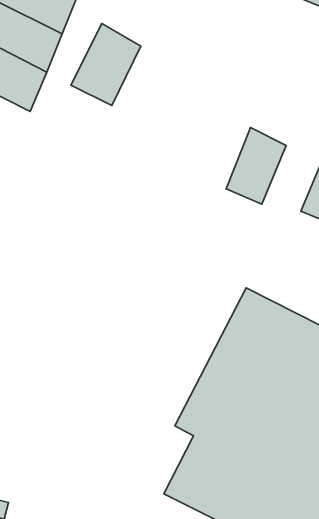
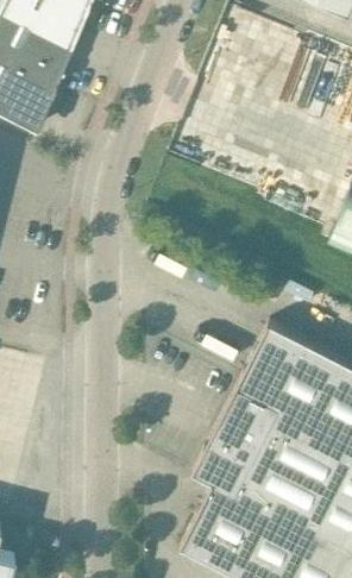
building: [71,24,141,105] -> none
building: [226,128,286,204] -> none

